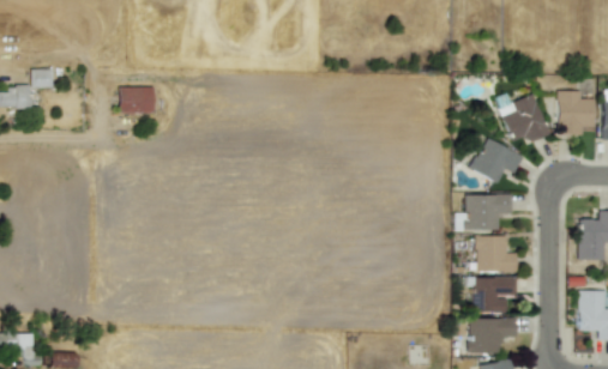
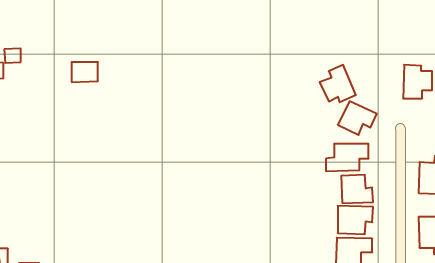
building: [502,93,550,143] -> [320,65,356,102]

